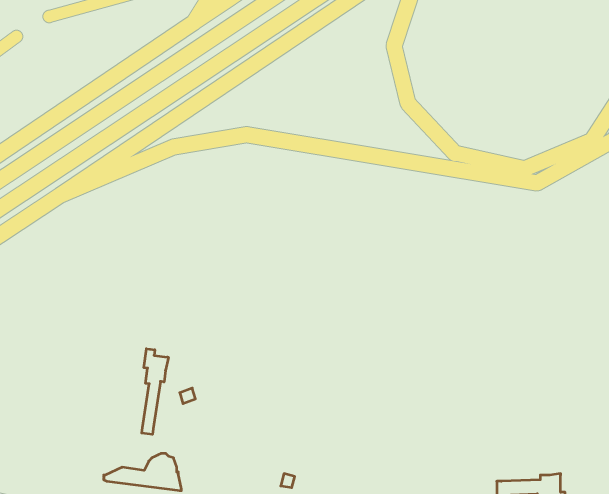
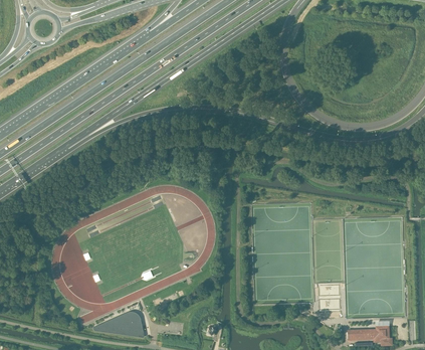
building: [142,349,168,434] -> none

